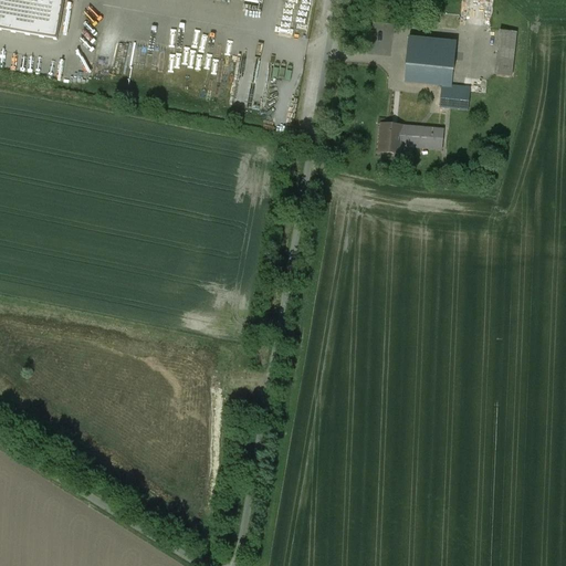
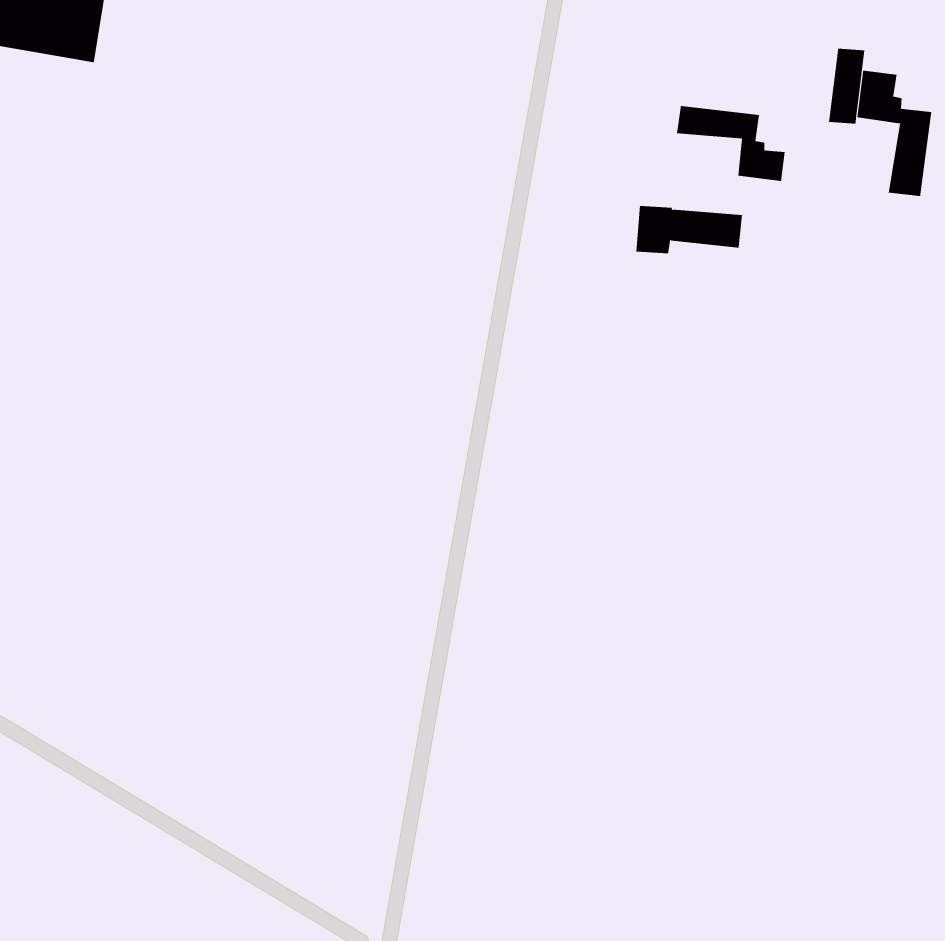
building: [405,34,457,69] -> none
building: none -> [857,70,932,197]

